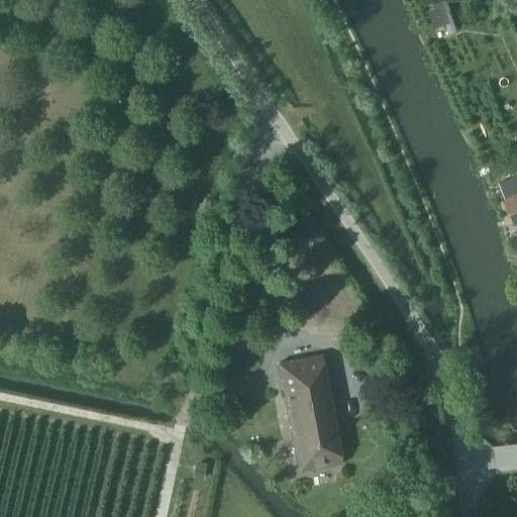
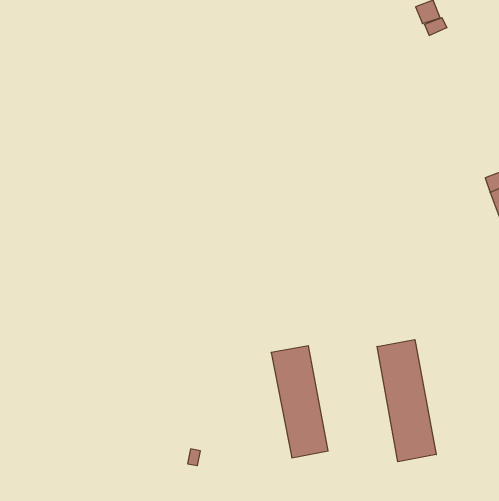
building: none -> [377,340,436,462]

